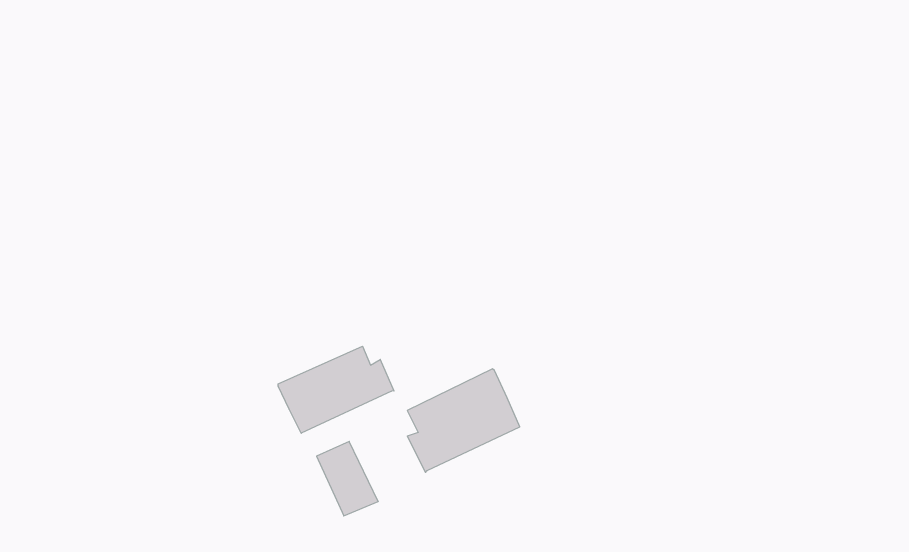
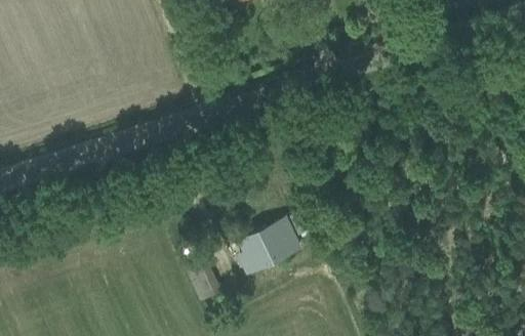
building: [278,346,394,433] -> none

